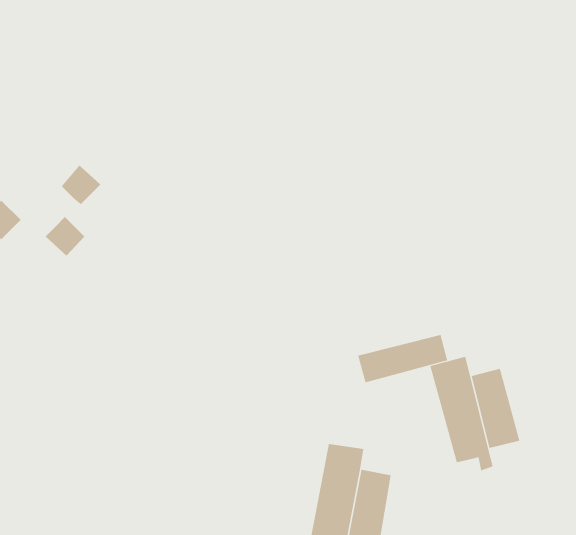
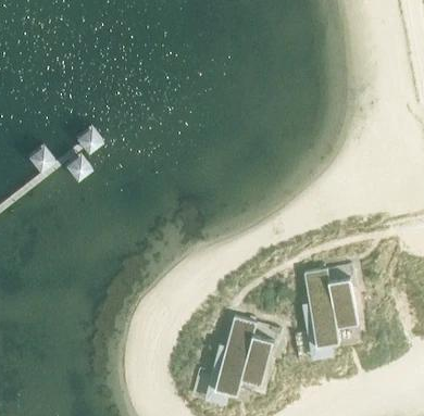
building: [358,334,448,383] -> none

